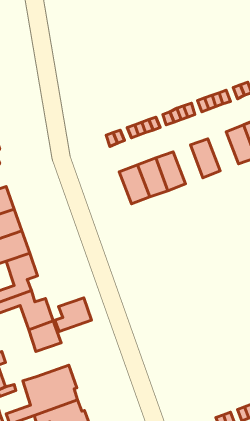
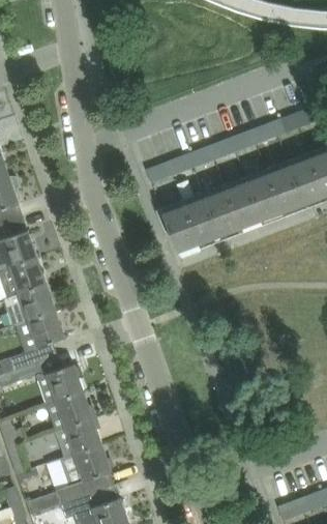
building: none -> [266,166,302,212]
building: none -> [225,181,260,228]
building: [55,298,91,332] -> [57,417,100,458]

